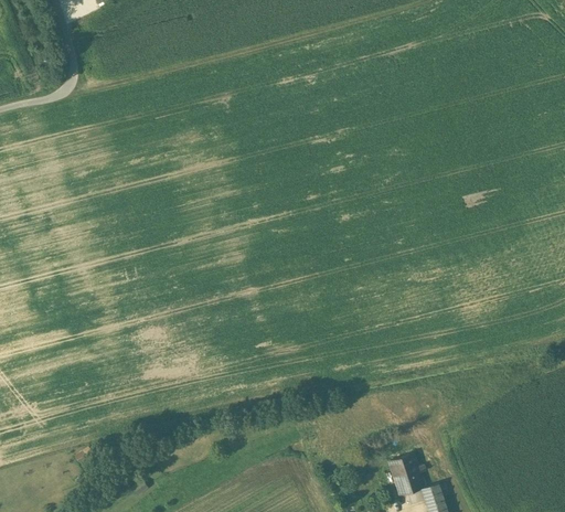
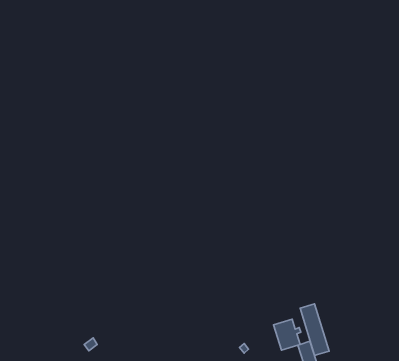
building: none -> [300,304,329,355]

